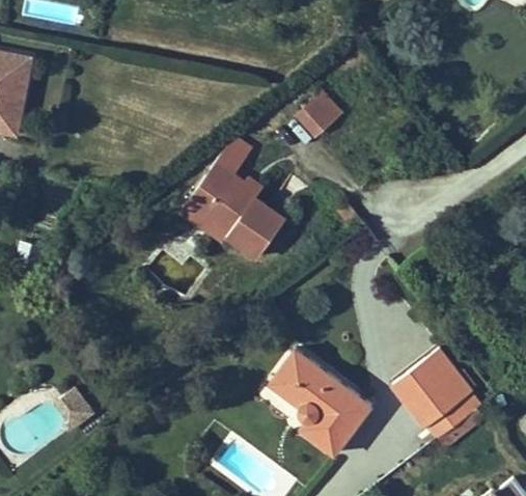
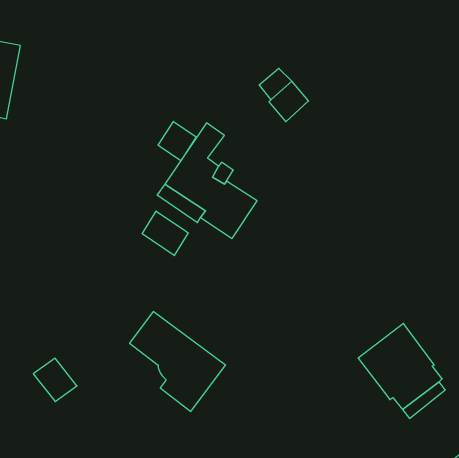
building: none -> [158,121,196,161]
building: none -> [142,211,188,256]
building: [270,350,370,454] -> [130,312,226,411]

